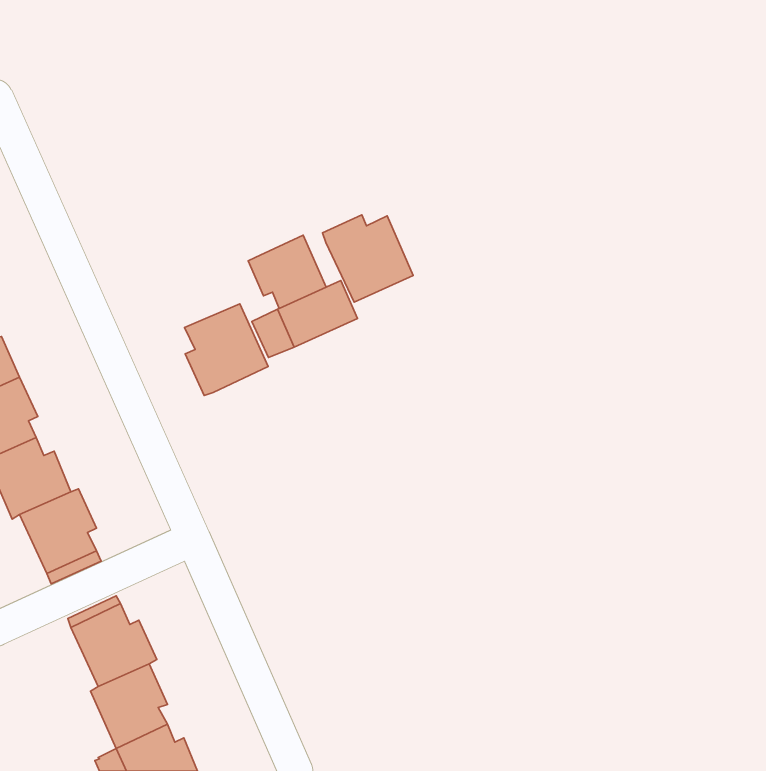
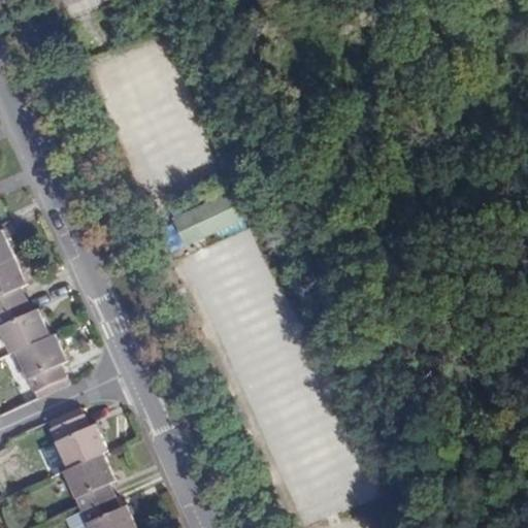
building: [323,215,413,302] -> none
building: [248,235,326,309] -> none
building: [185,304,268,396] -> none

